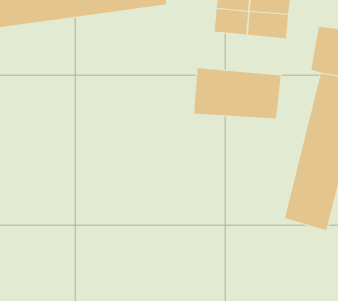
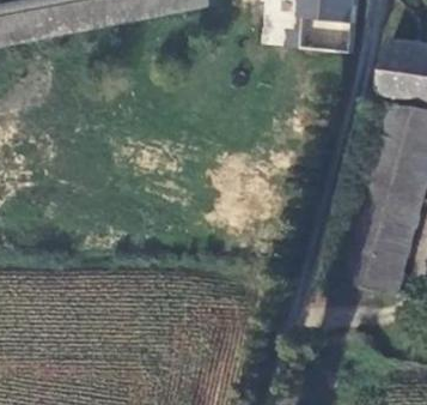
building: [193,67,281,119] -> none

